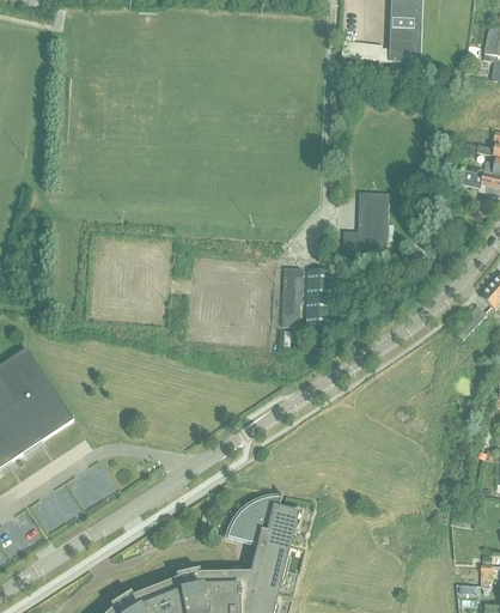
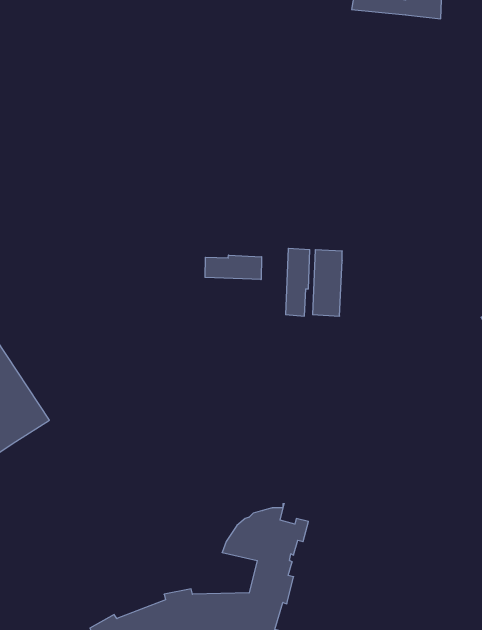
building: [342,192,391,257] -> none
building: none -> [205,255,262,280]

